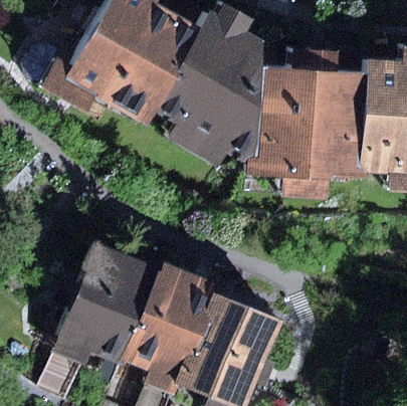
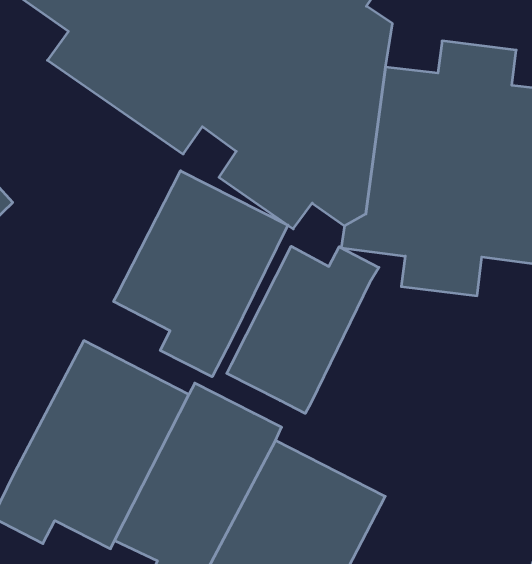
building: none -> [114,171,288,377]
building: none -> [227,246,379,413]

